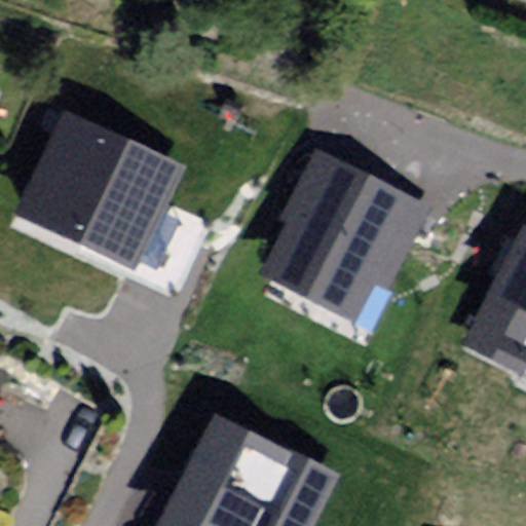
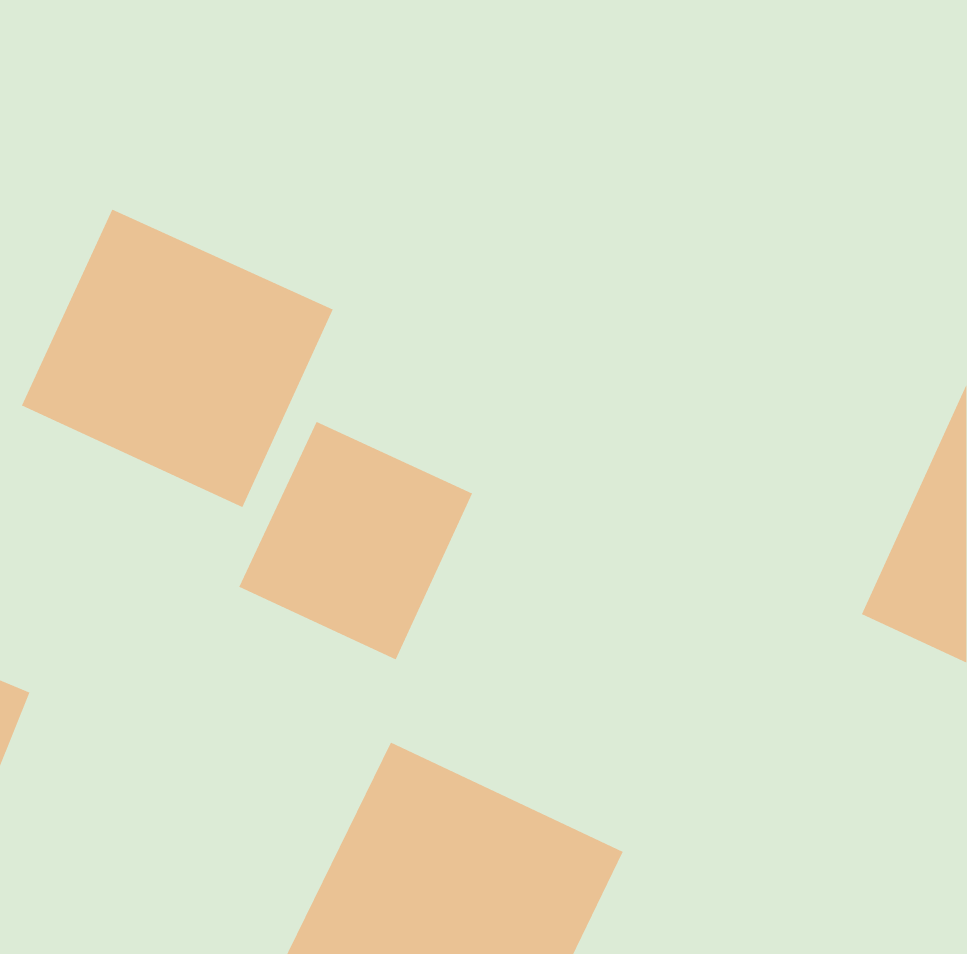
building: [258,149,426,326] -> none
building: none -> [238,421,473,661]

